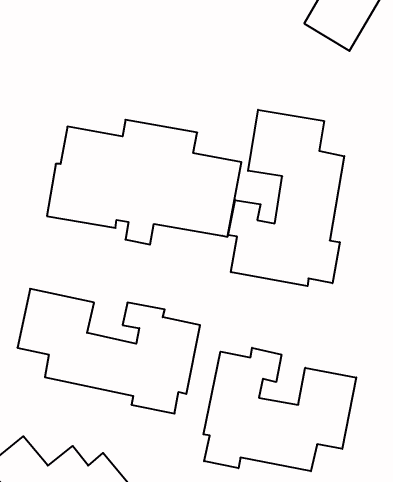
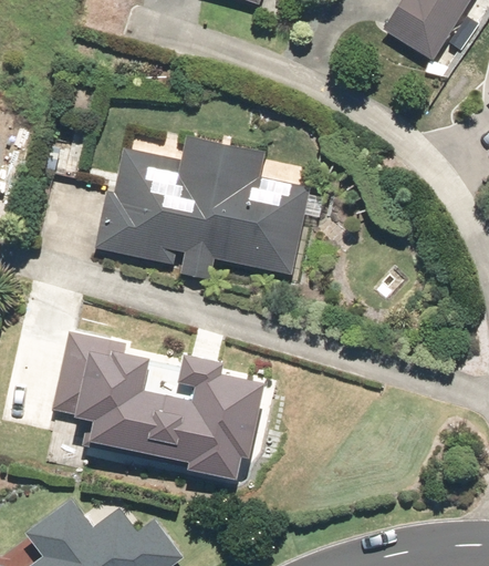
building: [228,110,344,286] -> none
building: [203,348,356,471] -> none

